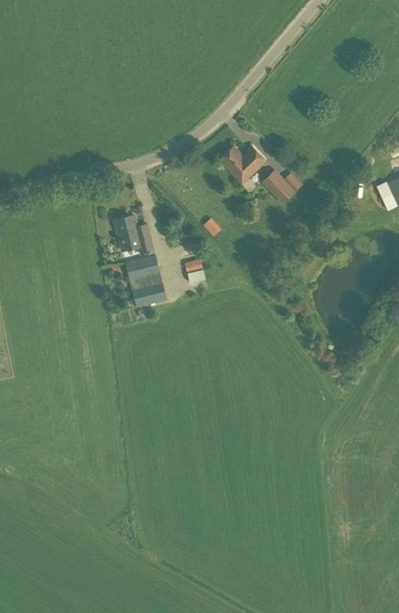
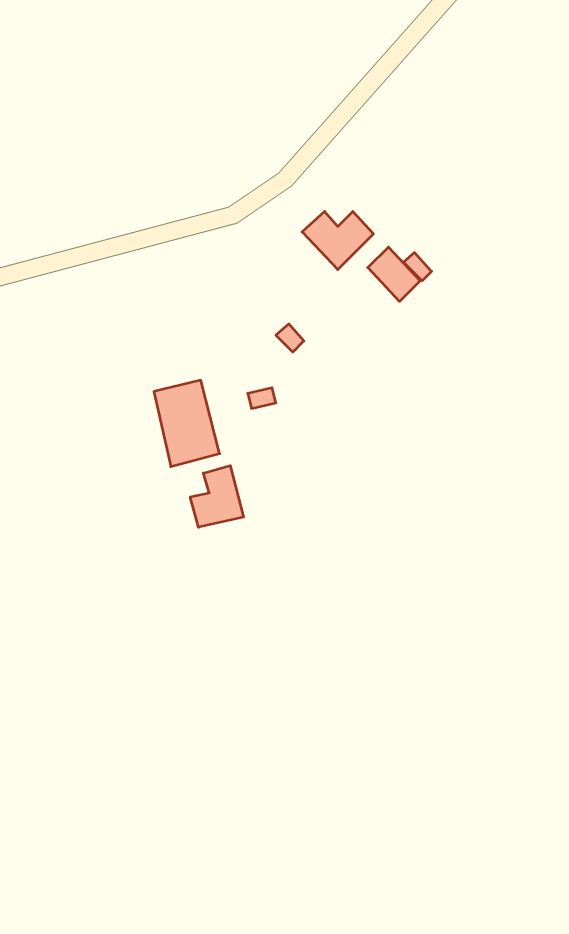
building: [114,216,153,255] -> none
building: none -> [190,466,244,527]

